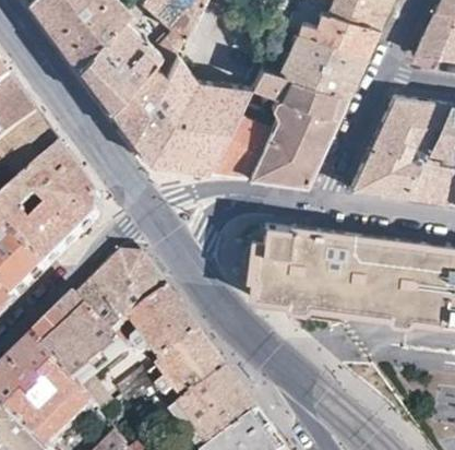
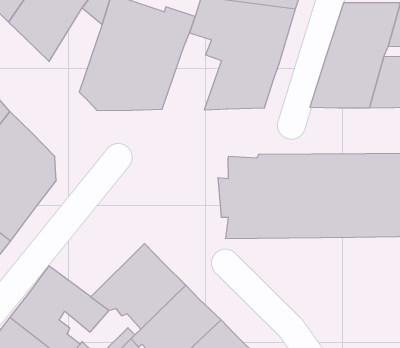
building: [108,61,163,140] -> none
building: [207,112,270,174] -> none
building: [80,256,172,333] -> none

